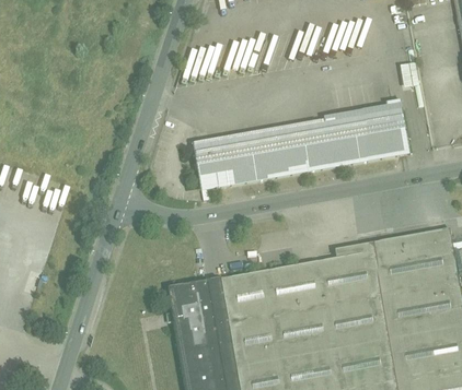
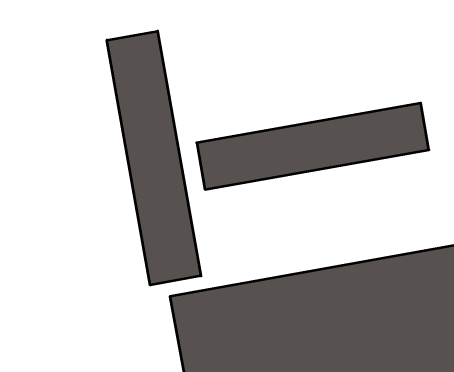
building: none -> [107,31,201,285]

